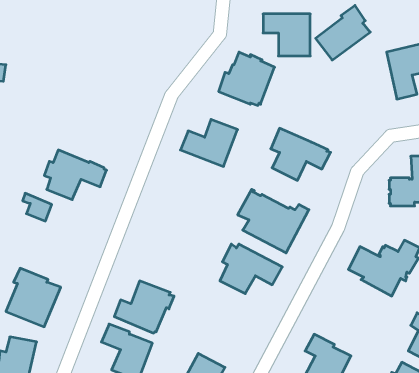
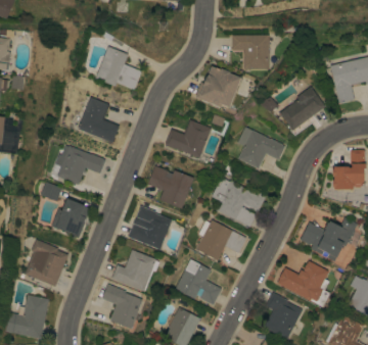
building: [316,5,370,60] -> [279,86,323,130]
building: none -> [95,46,141,89]
building: none -> [78,97,119,142]
building: none -> [147,165,193,208]
building: none -> [51,198,89,236]
building: none -> [128,208,172,249]
building: none -> [175,258,222,304]
building: none -> [276,259,328,301]

